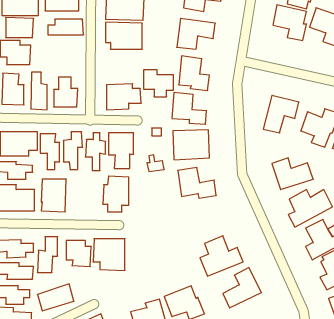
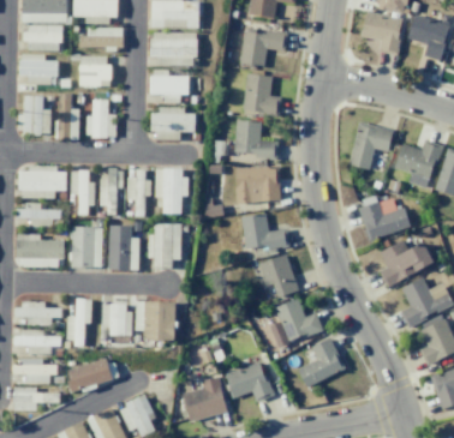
building: none -> [79,55,112,86]
building: [144,70,173,97] -> [151,70,189,103]
building: none -> [108,224,139,271]
building: none -> [258,252,299,296]

